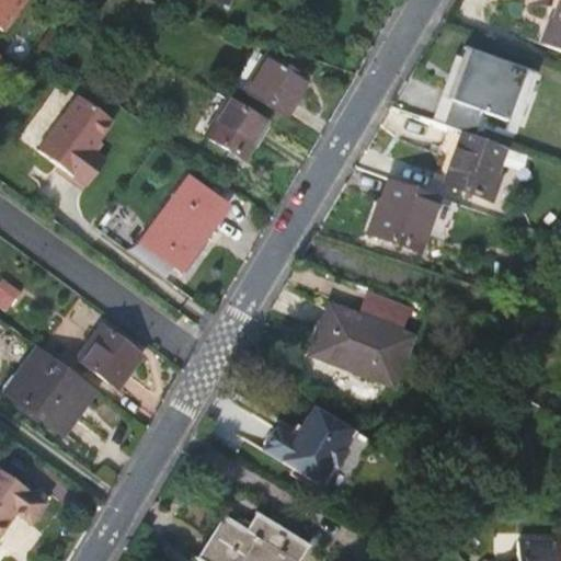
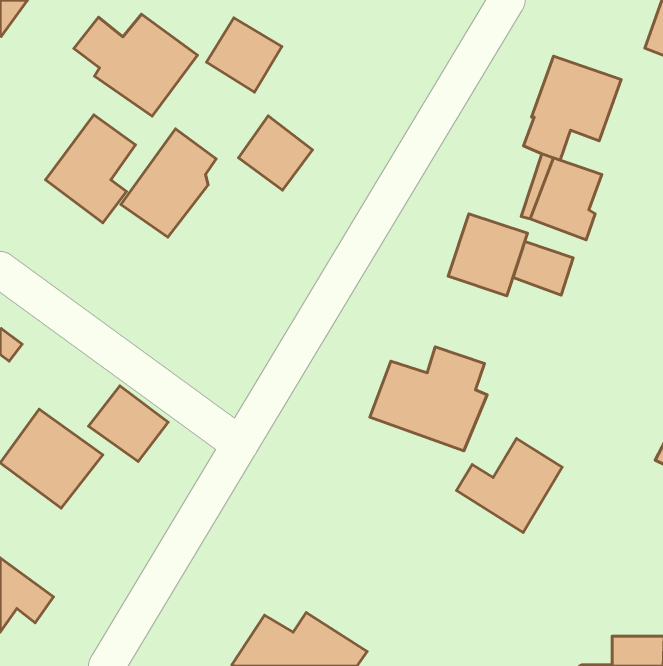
building: none -> [74,14,197,116]
building: [244,55,308,117] -> [206,18,282,92]
building: [142,179,222,270] -> [121,129,216,237]
building: none -> [513,242,573,295]
building: [263,402,352,481] -> [457,439,562,532]

